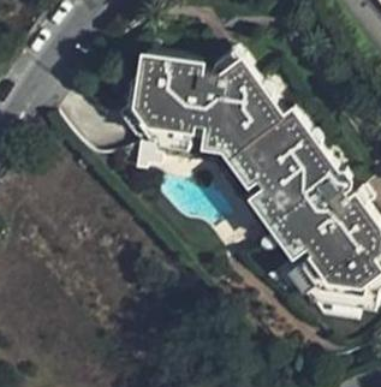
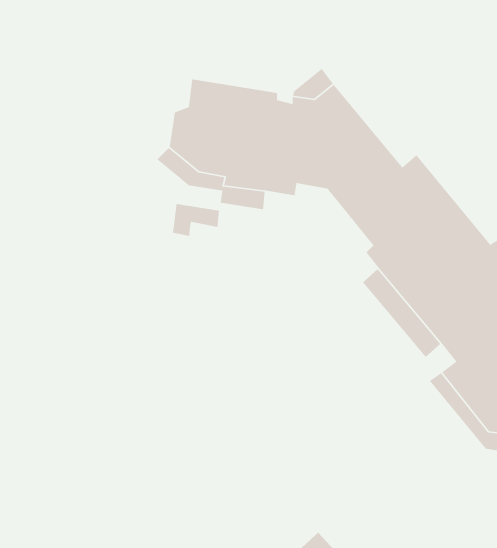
building: [204,132,260,185] -> none

